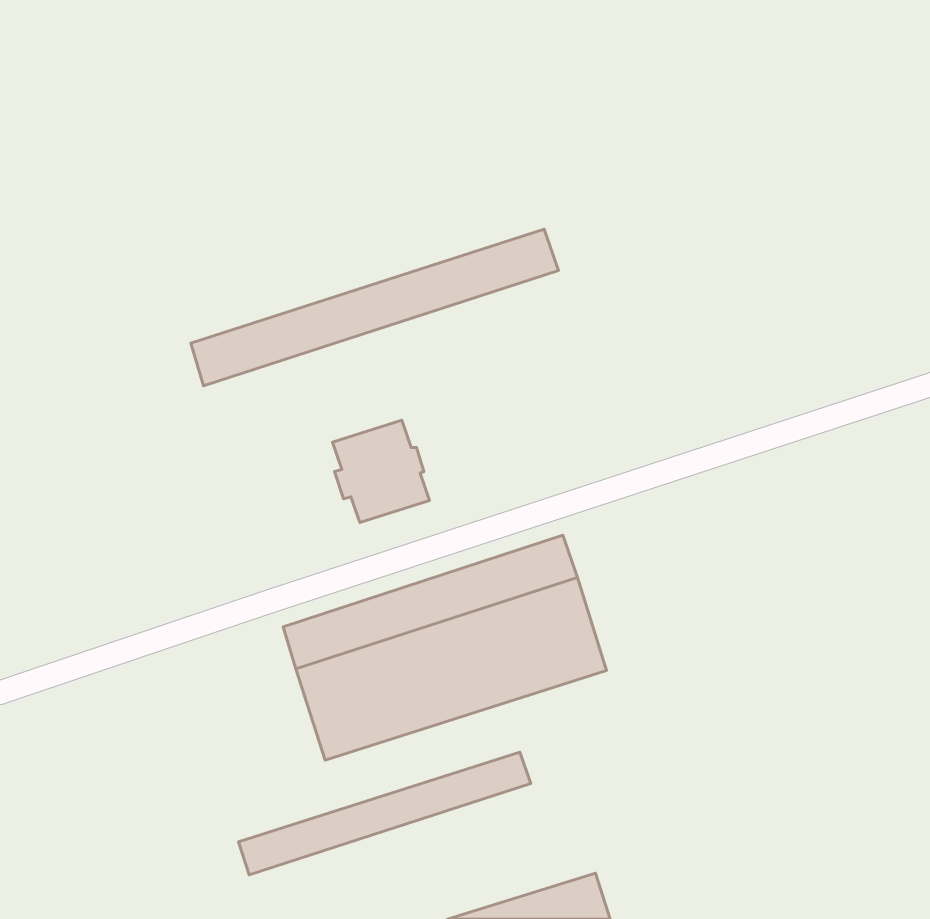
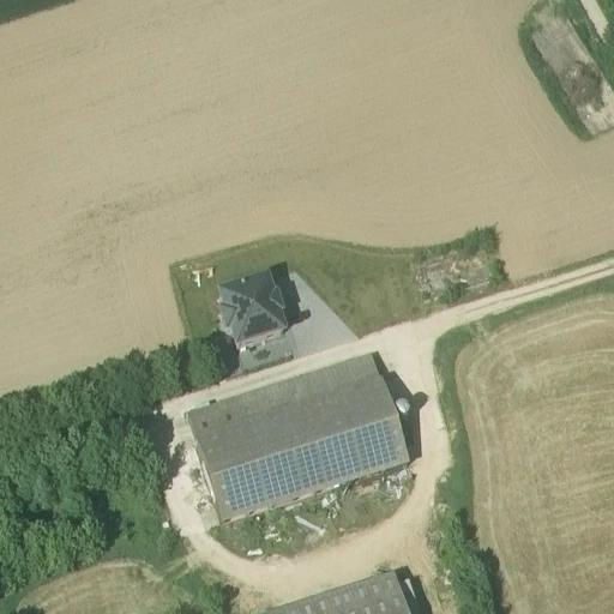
building: [191,229,559,386] -> none
building: [238,752,531,875] -> [216,440,408,520]

